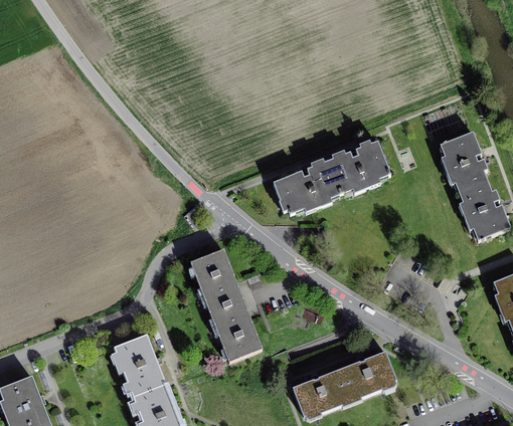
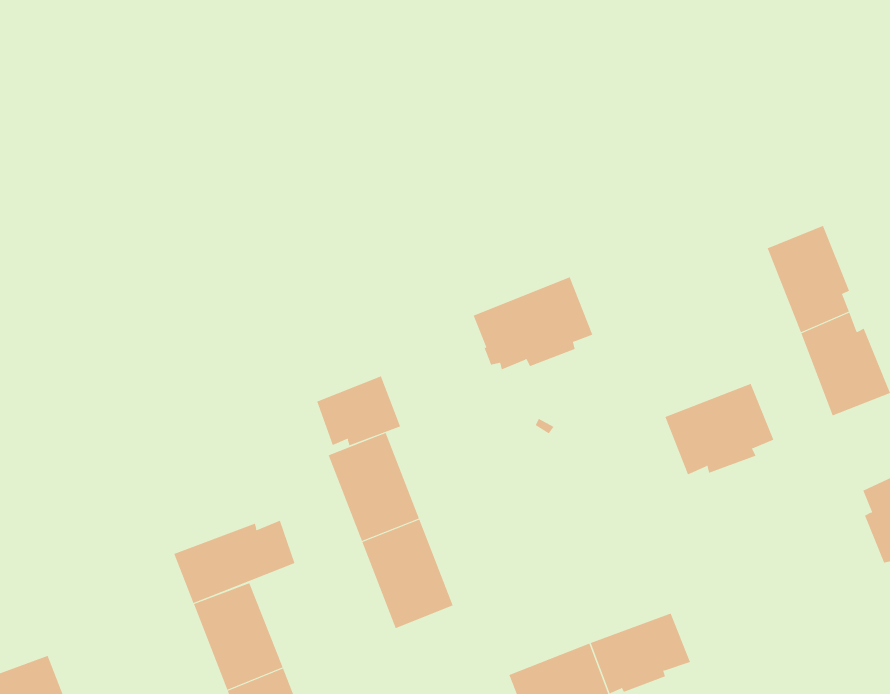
building: [327,142,389,194] -> [664,383,774,475]
building: none -> [316,375,401,446]
building: none -> [174,520,295,604]

